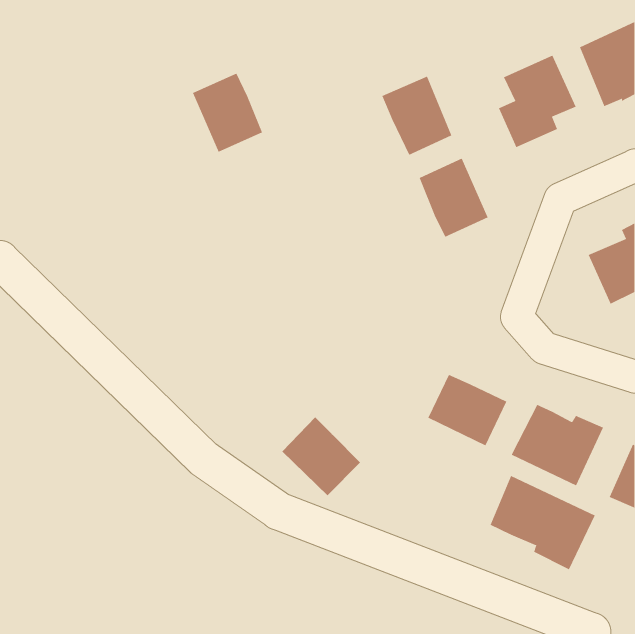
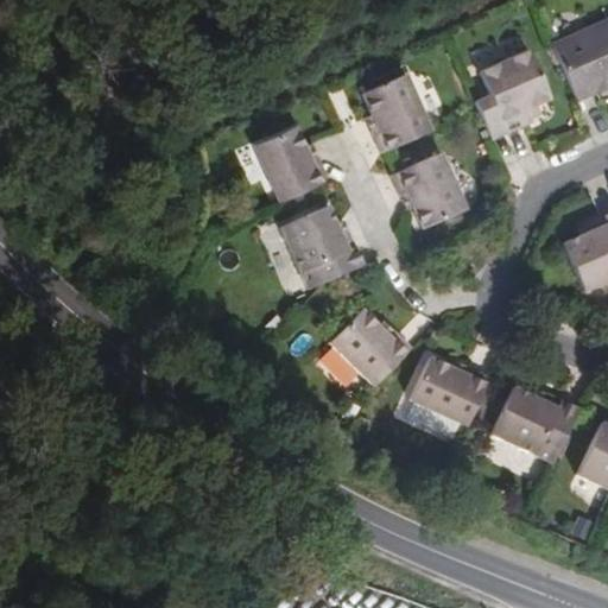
building: [192,73,263,152] -> [253,121,321,197]
building: none -> [281,203,365,286]
building: [281,417,361,496] -> [328,309,404,385]
building: [490,475,595,570] -> none

